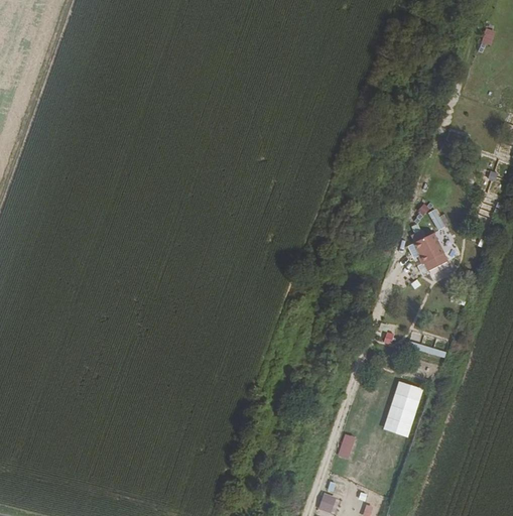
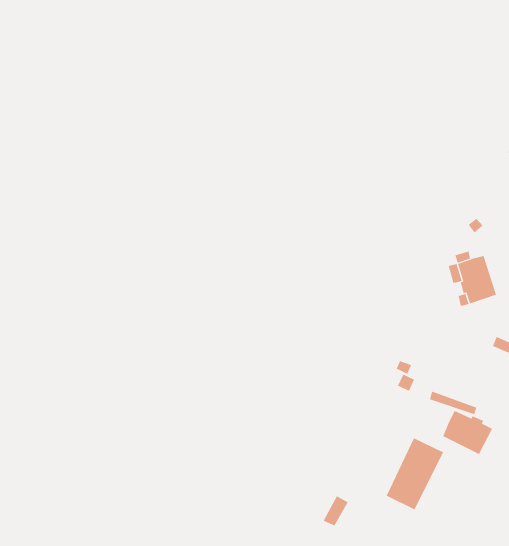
building: none -> [442,410,493,455]

